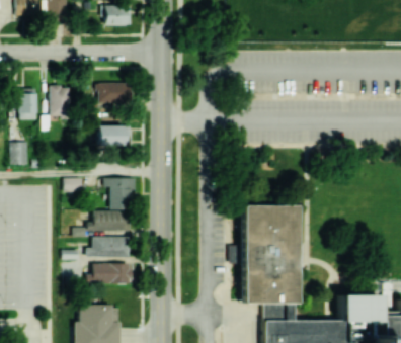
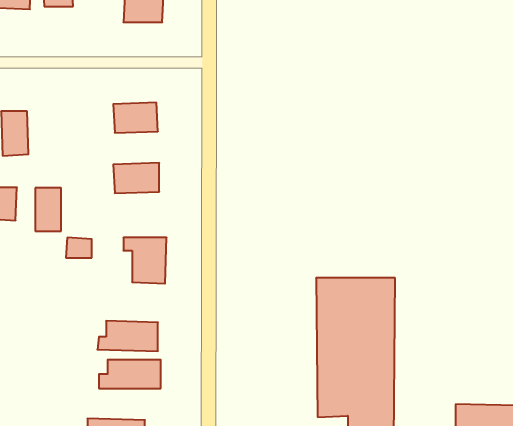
building: [51,85,69,115] -> [35,188,61,231]
building: [88,210,129,231] -> none

